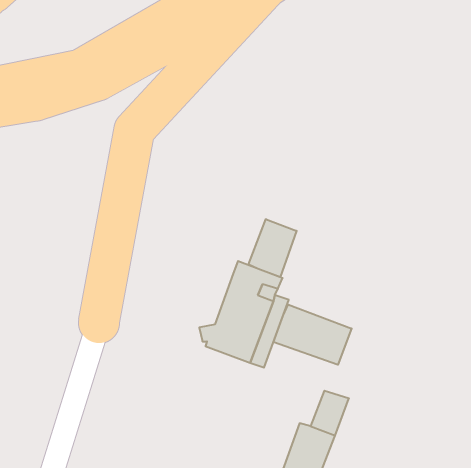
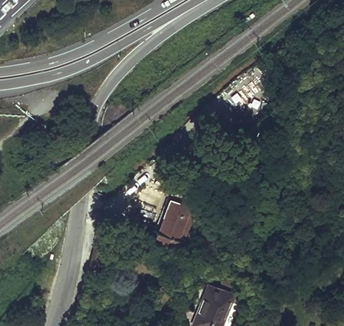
building: [248,219,297,277] -> none
building: [273,305,352,365] -> none

